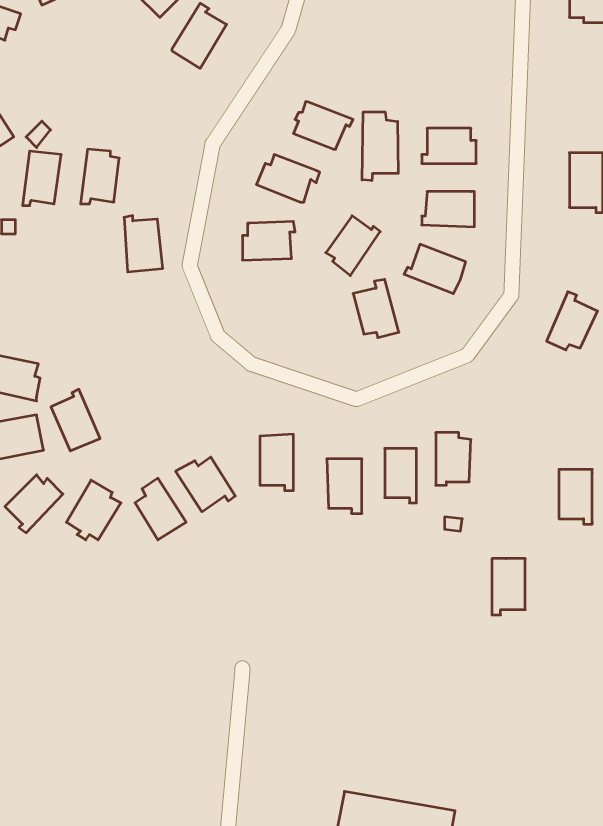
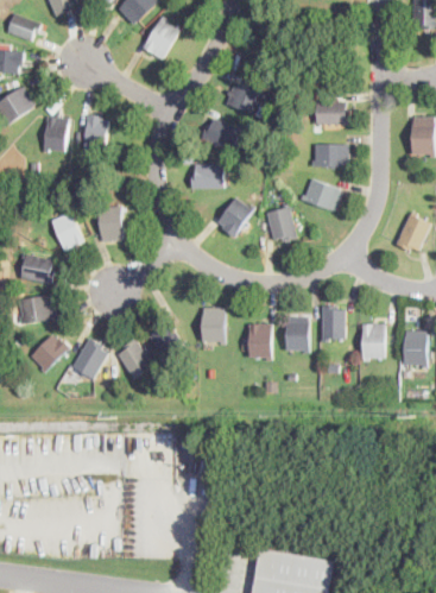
building: [362,112,398,181] -> none
building: [124,216,163,272] -> [97,203,124,241]
building: [326,216,380,276] -> [216,197,253,238]
building: [51,389,100,451] -> [50,208,83,250]
building: [492,559,525,615] -> [361,323,384,361]

